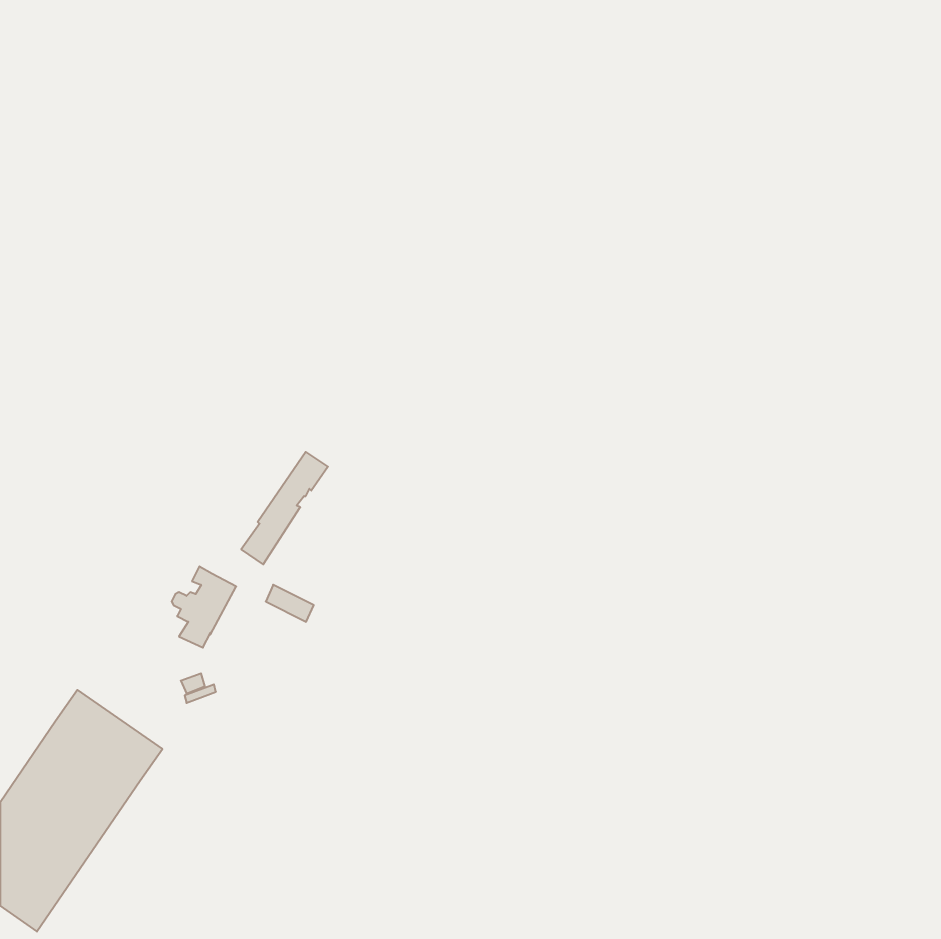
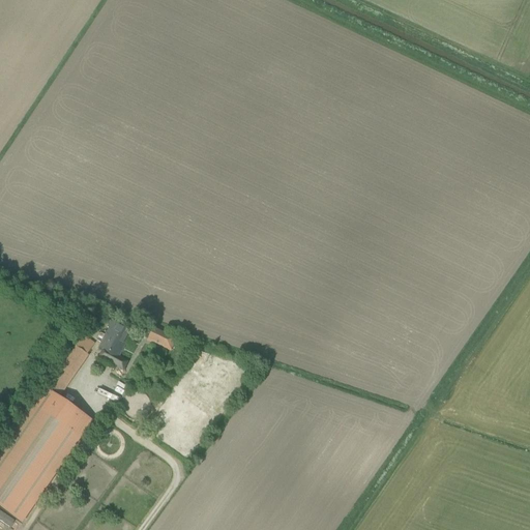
building: [241,452,328,564] -> [47,333,95,396]

